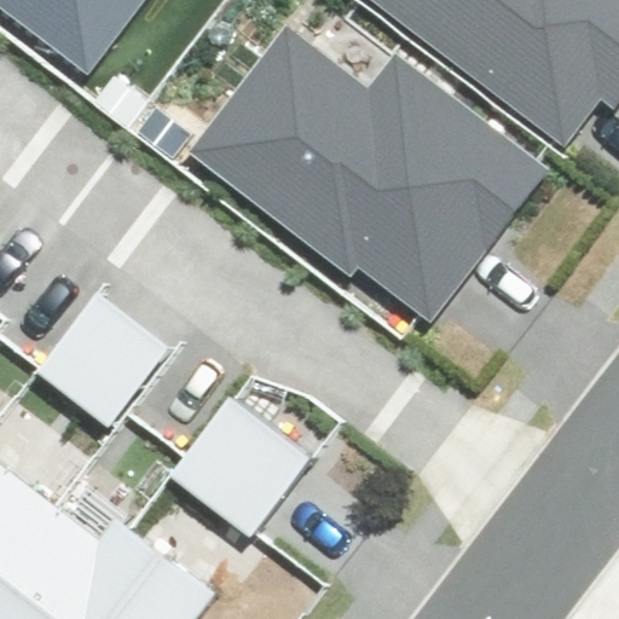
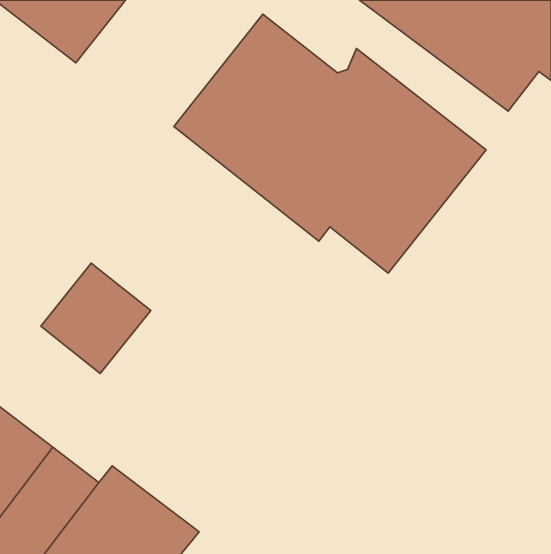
building: [172,399,307,534] -> none

